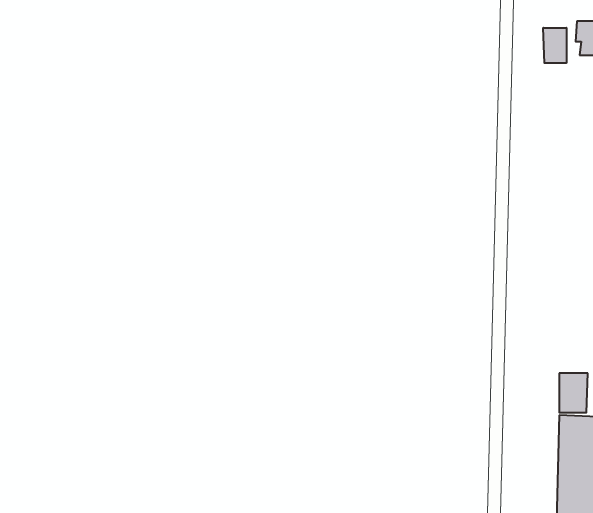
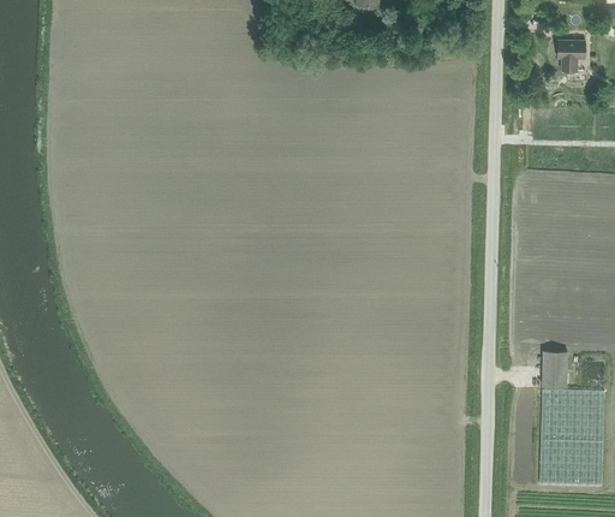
building: [543,28,566,63] -> none

